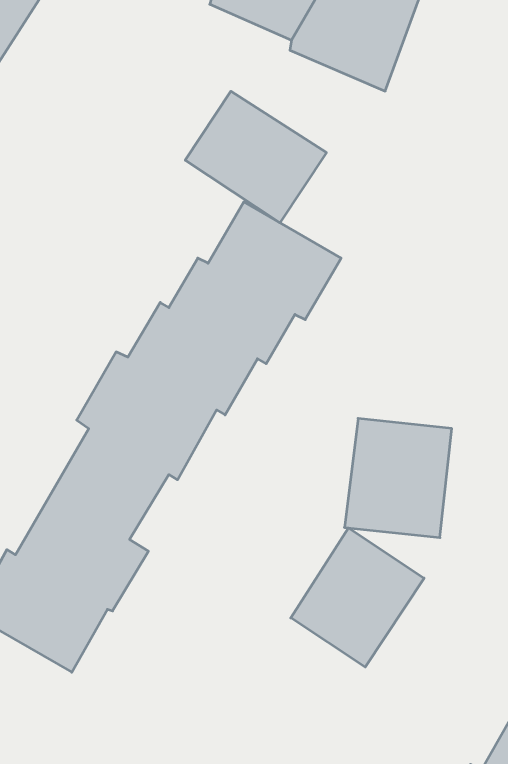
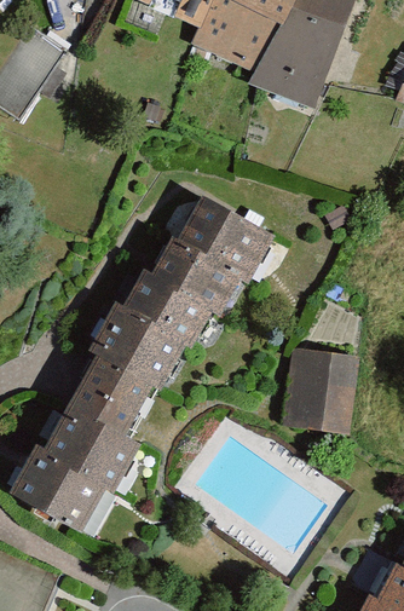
building: [185,91,326,223] -> none
building: [291,528,424,667] -> none

